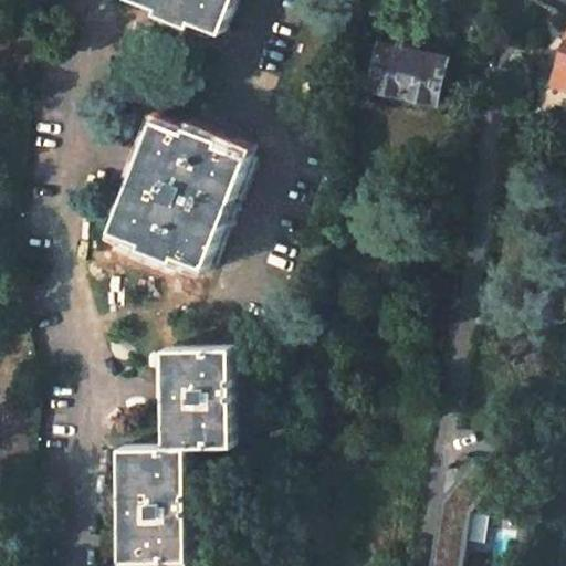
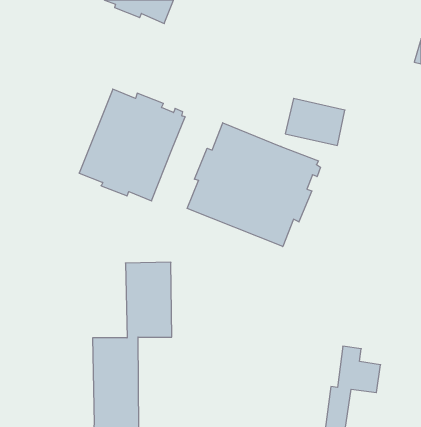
building: [360,44,439,106] -> [285,98,345,145]
building: none -> [187,123,320,247]

